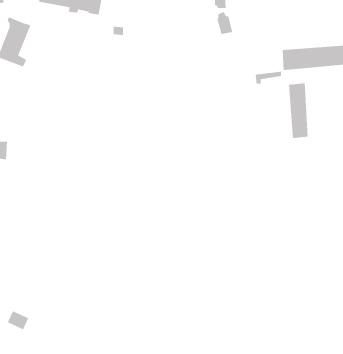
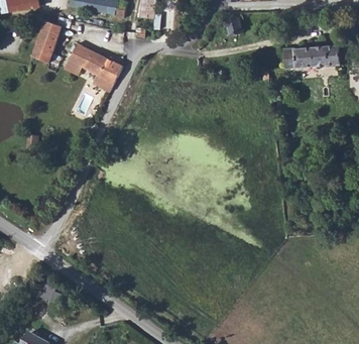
building: none -> [65,44,121,92]
building: [288,83,309,139] -> none

